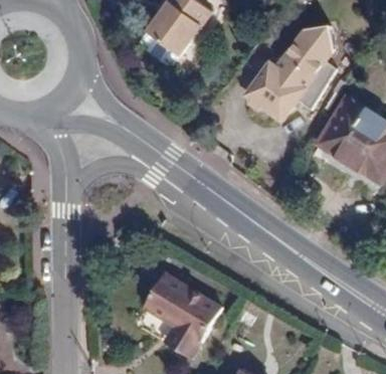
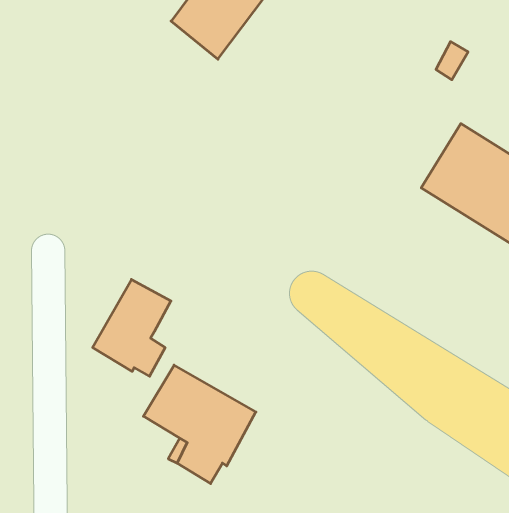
building: [247,27,335,119] -> none
building: none -> [93,279,171,376]

